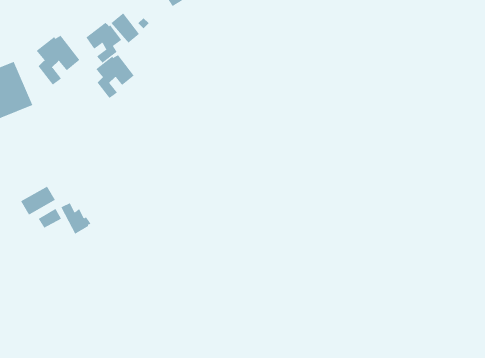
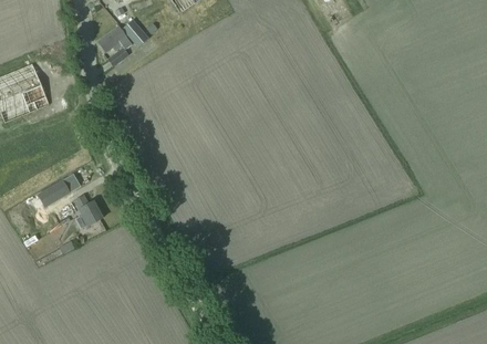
building: [36,35,80,85] -> none
building: [95,54,135,99] -> none

